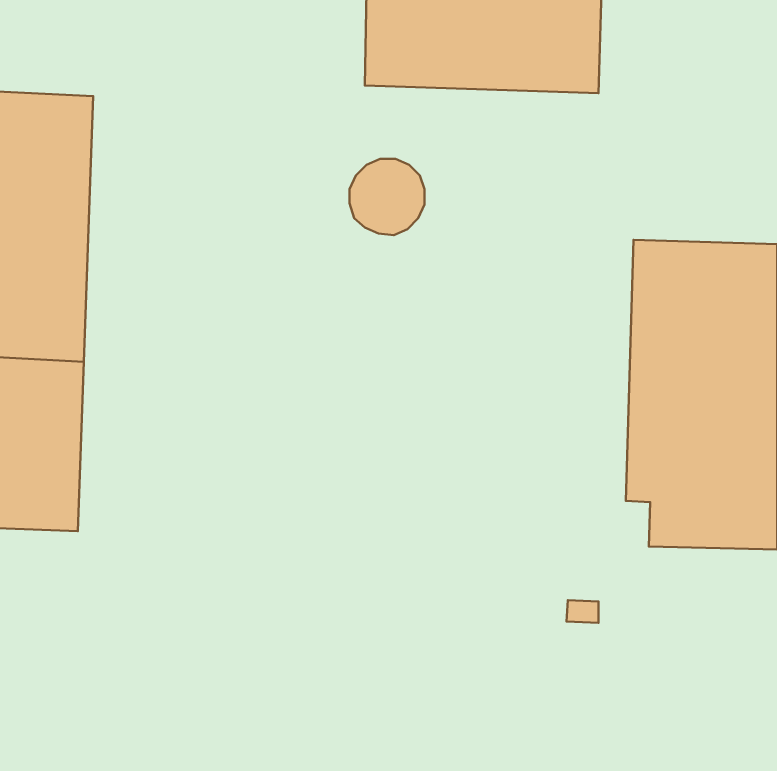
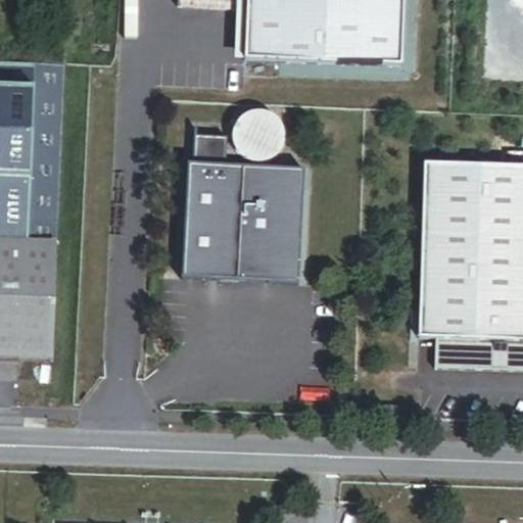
building: none -> [185,132,305,279]

